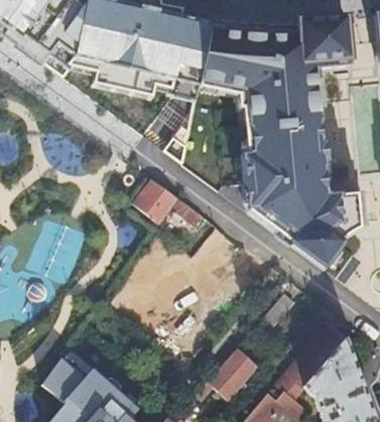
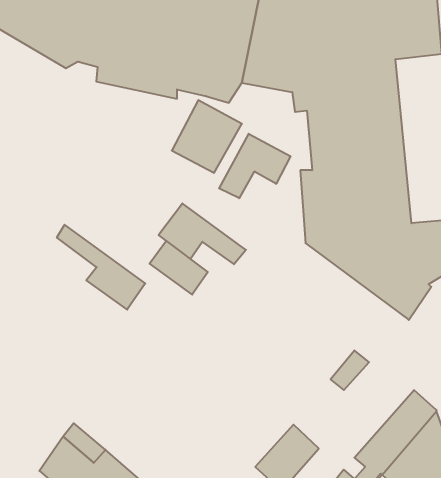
building: none -> [219,134,290,198]
building: none -> [57,225,145,310]
building: none -> [150,241,208,295]

